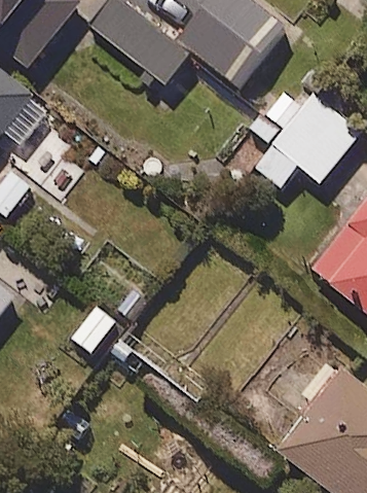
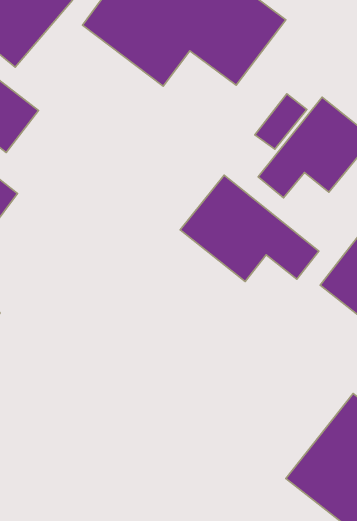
building: none -> [180,175,319,282]

